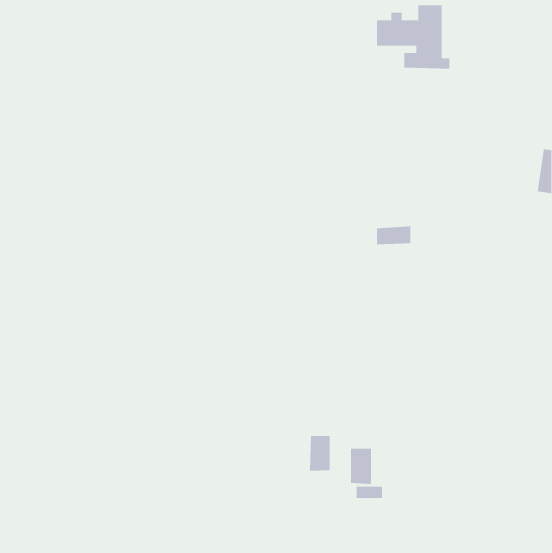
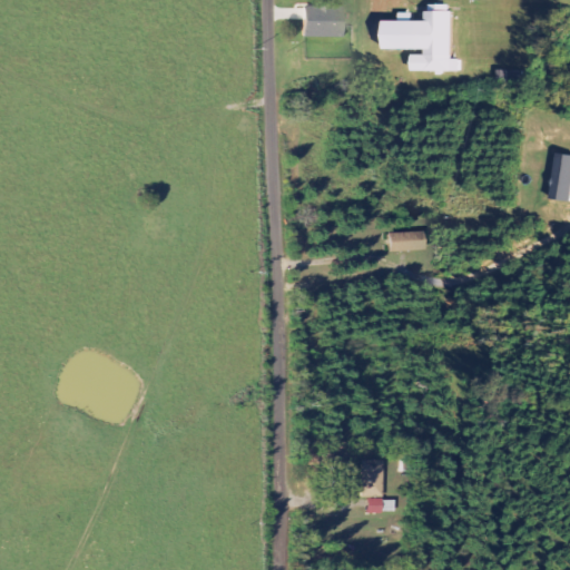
building: none -> [301,4,342,37]
building: [309,435,330,471] -> none

